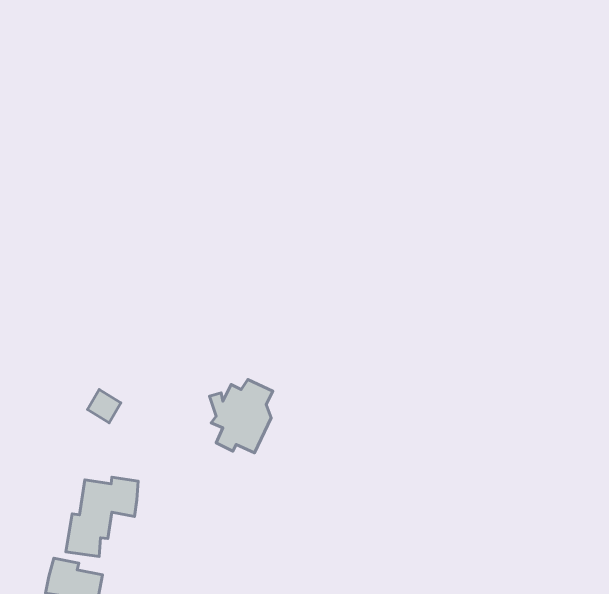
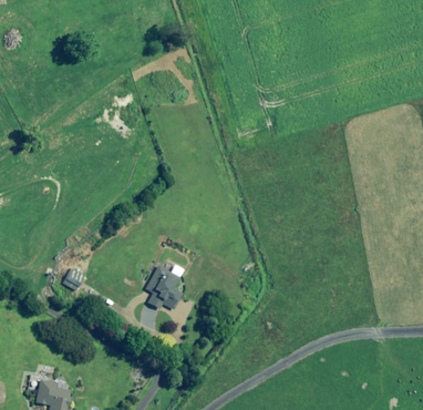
building: [66,477,138,556] -> none

